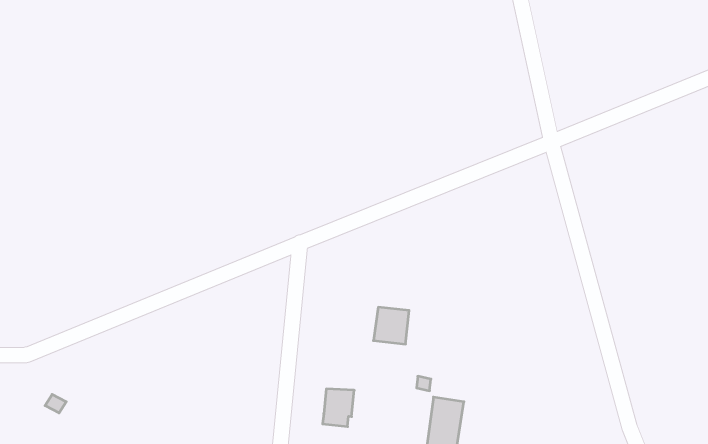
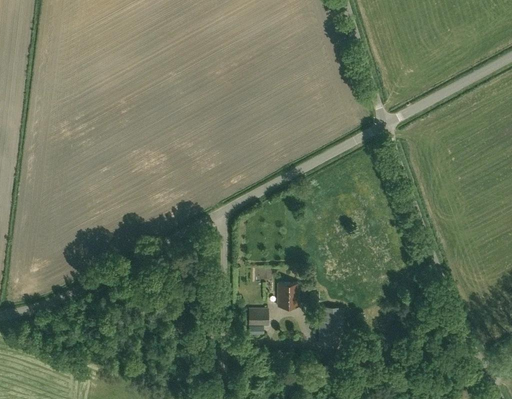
building: [373,307,409,344] -> [276,283,298,306]

